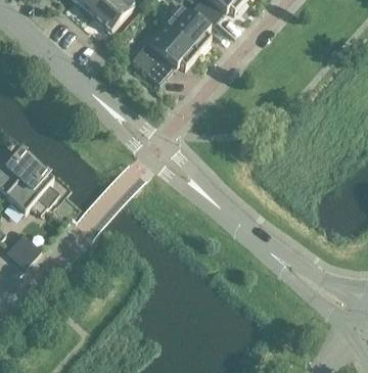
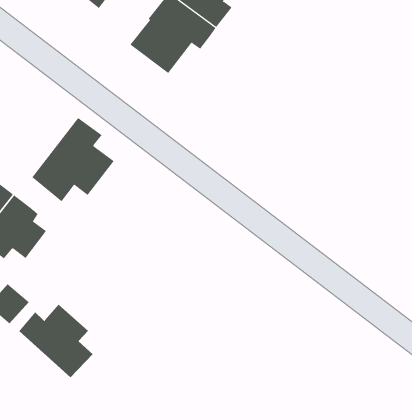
building: none -> [31,117,114,202]
building: none -> [19,304,94,378]

